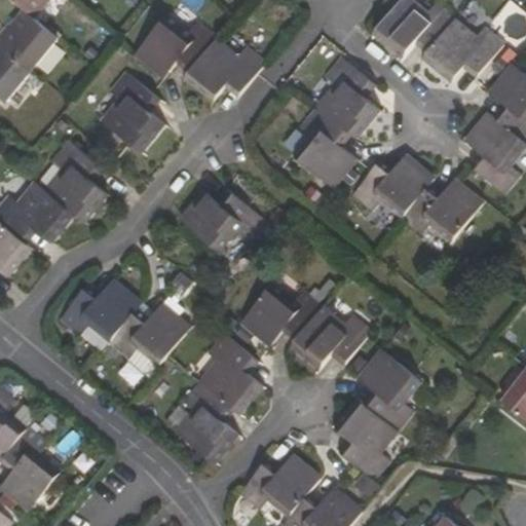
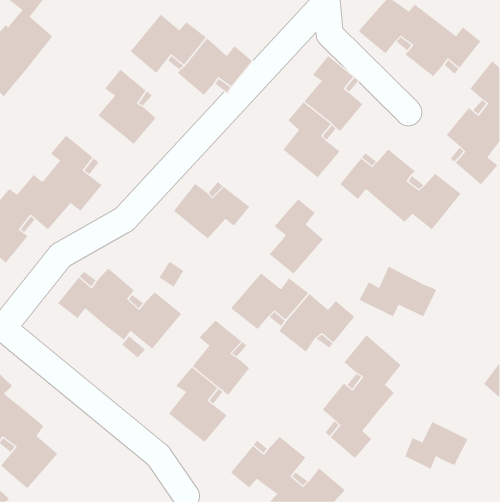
building: none -> [269,198,324,274]
building: none -> [359,266,437,317]
building: none -> [405,421,468,469]

